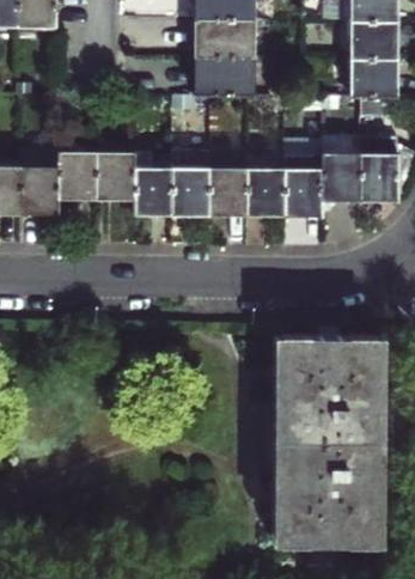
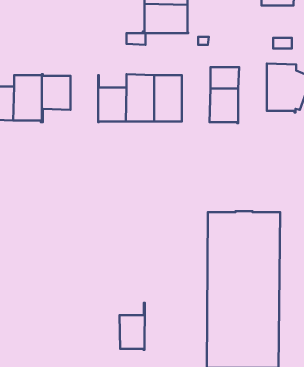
building: [349,60,396,98] -> none
building: [321,136,360,218] -> none
building: [96,154,133,217] -> none
building: [245,171,283,217] -> none
building: none -> [119,303,145,350]

